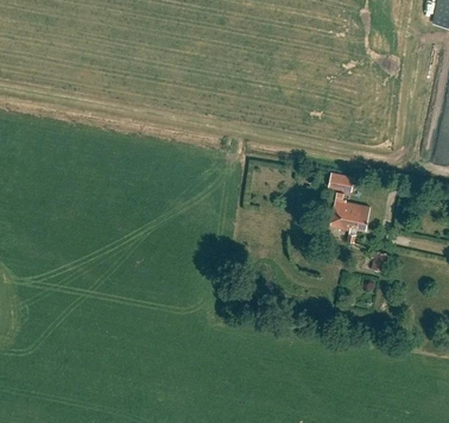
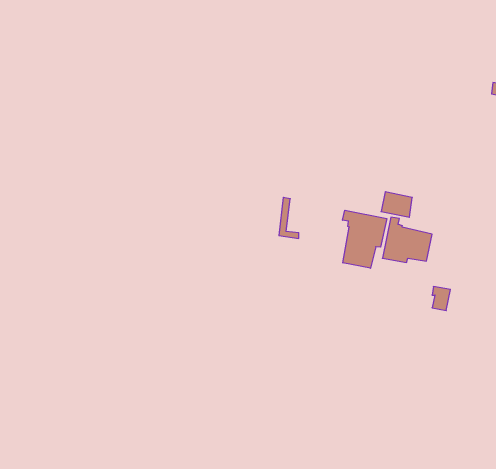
building: none -> [343,210,387,268]

